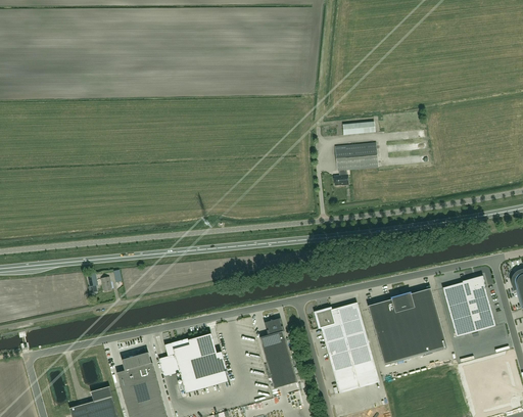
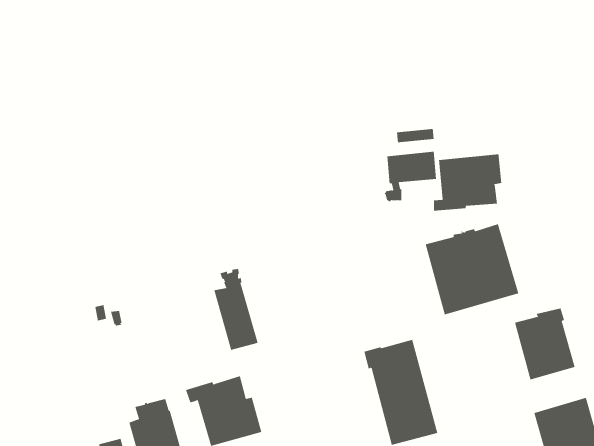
building: none -> [433,154,502,212]
building: [367,286,446,364] -> [425,224,519,315]
building: [258,318,296,387] -> [213,268,258,350]

